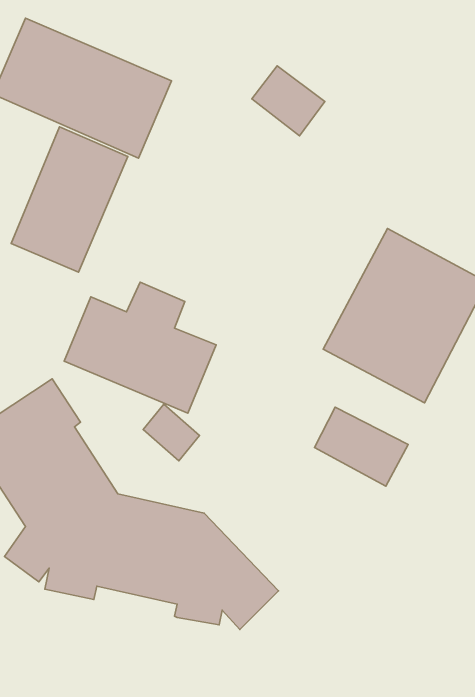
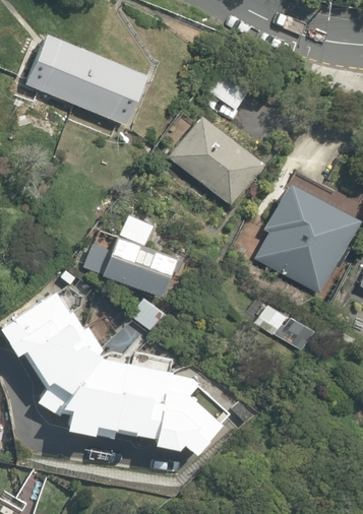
building: none -> [163,107,271,211]
building: [11,127,128,272] -> none

